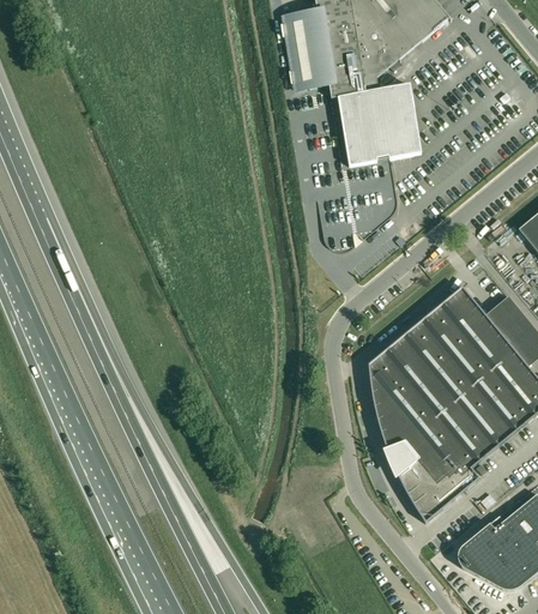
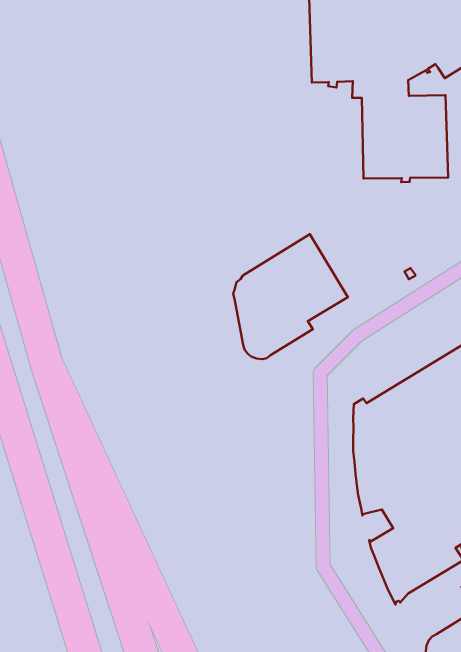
building: none -> [233,234,348,359]

